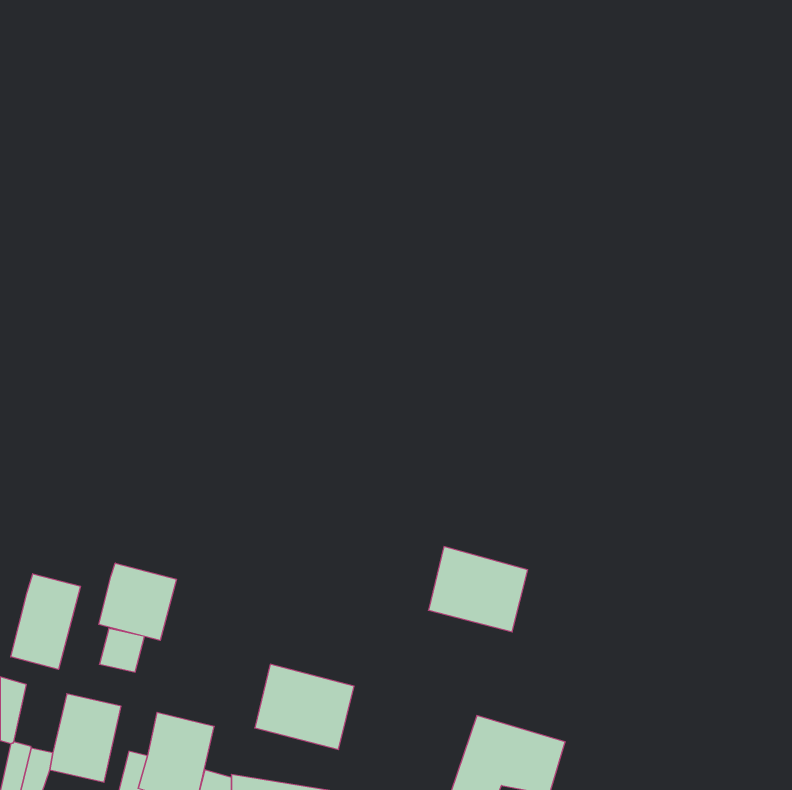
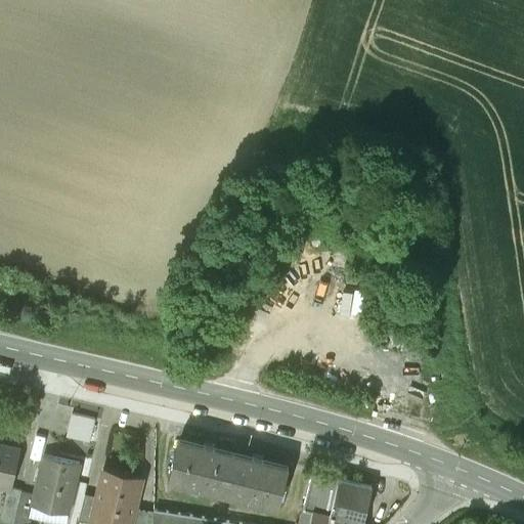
building: [428,547,528,632] -> [224,454,290,511]
building: [99,563,177,640] -> none
building: [11,574,81,669] -> none

